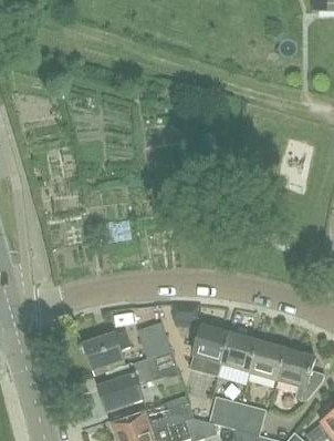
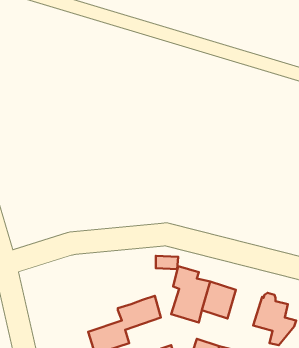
building: [137,321,171,357] -> none
building: [84,329,132,371] -> none
building: [250,341,288,380] -> none

